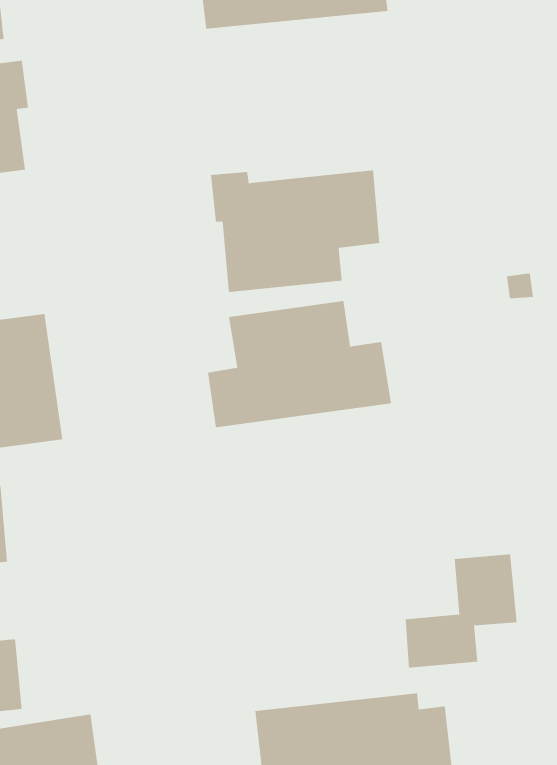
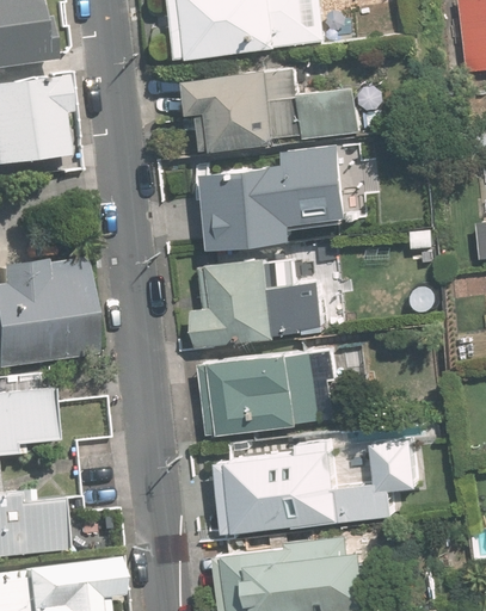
building: none -> [198,66,362,147]
building: none -> [216,350,326,431]
building: none -> [236,445,345,527]

